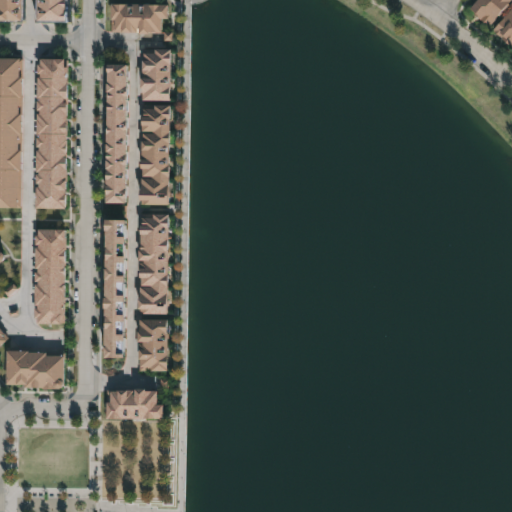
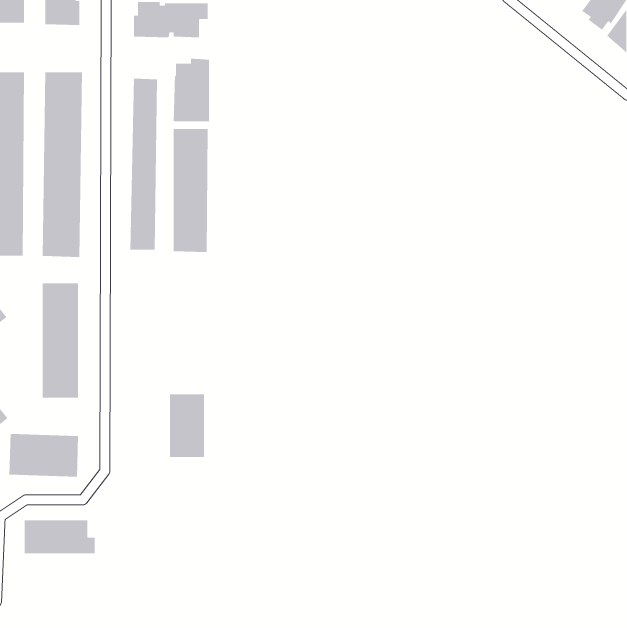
building: [138,213,167,314] -> none
building: [103,219,123,358] -> none
building: [104,391,162,419] -> [24,520,96,554]

